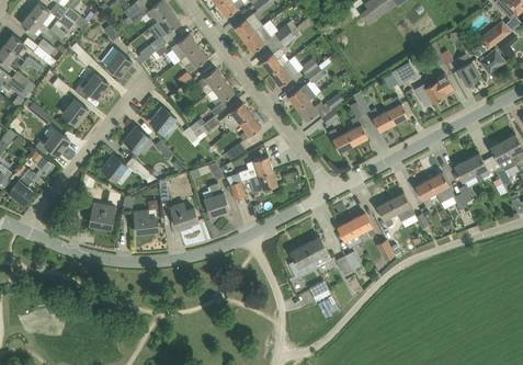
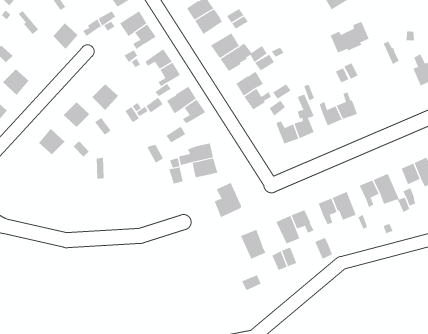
building: [73,73,109,100] -> none
building: [414,73,453,106] -> [330,21,369,53]
building: [204,183,229,217] -> none
building: [86,203,114,229] -> none
building: [170,203,197,231] -> none
building: [134,209,158,233] -> none
building: [288,244,316,280] -> [214,182,242,218]

